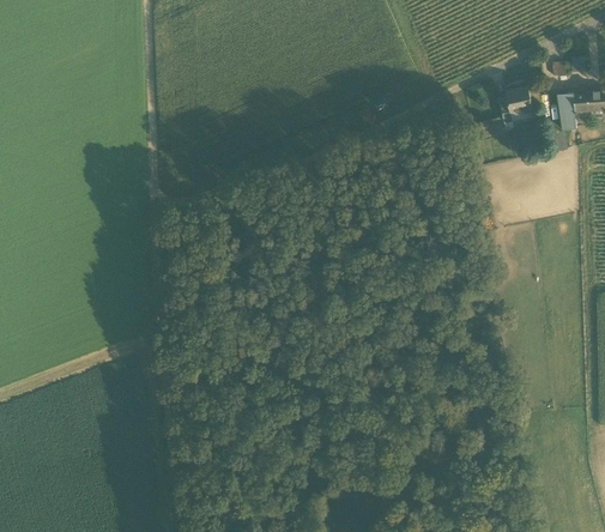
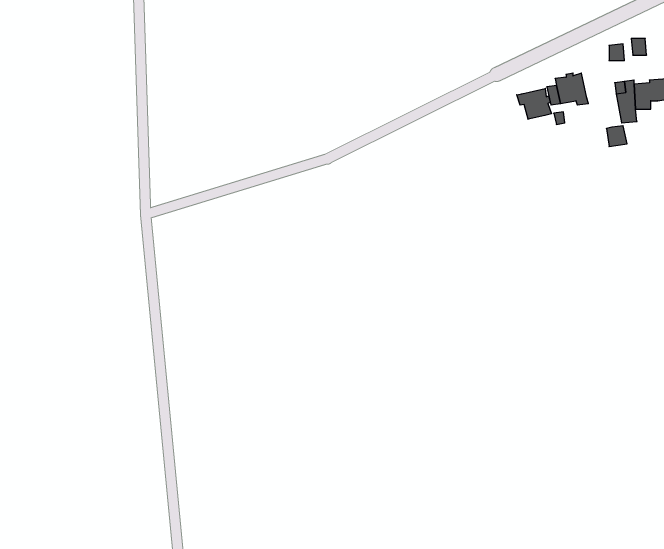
building: none -> [517,88,551,119]

